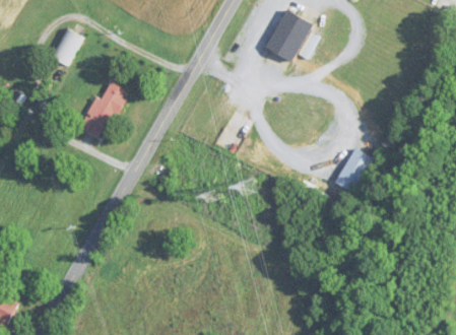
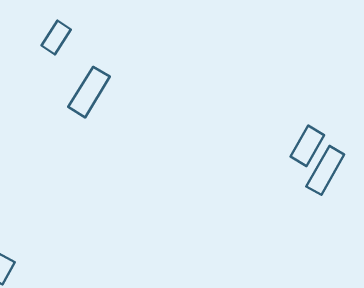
building: [268,9,314,61] -> none
building: none -> [306,146,344,195]

